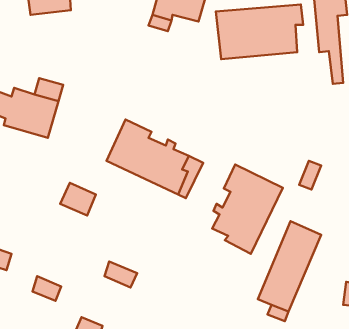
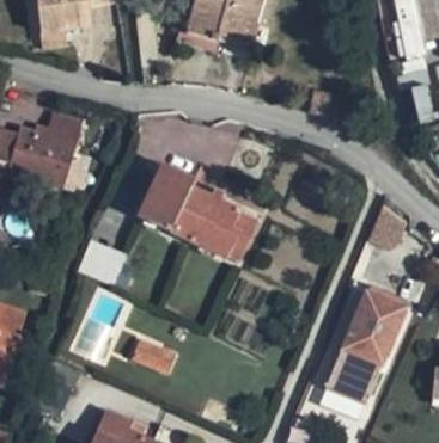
building: [216,4,303,59] -> none
building: [212,165,283,254] -> none

